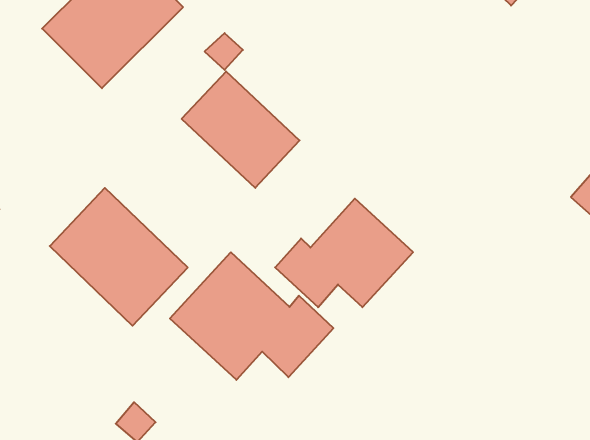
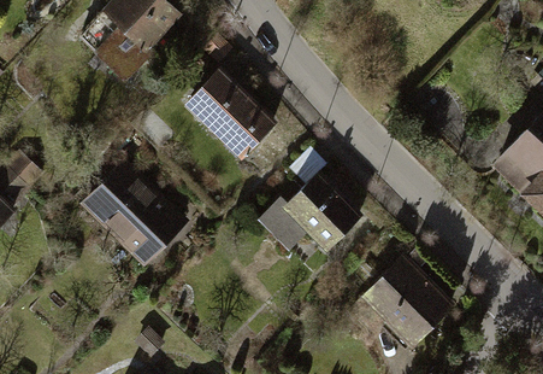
building: [170,252,333,380] -> none
building: none -> [348,253,455,349]

